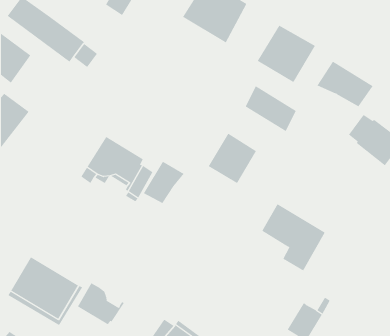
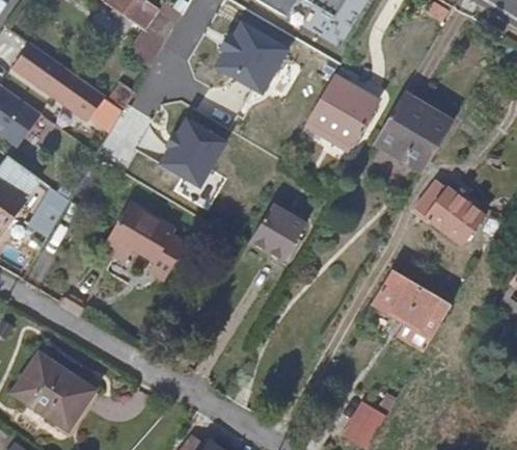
building: none -> [167,120,229,186]
building: [245,85,297,132] -> [394,92,456,148]
building: none -> [26,187,65,237]
building: [143,161,185,204] -> none
building: [261,203,325,271] -> [374,269,450,349]
building: [77,282,124,325] -> none

